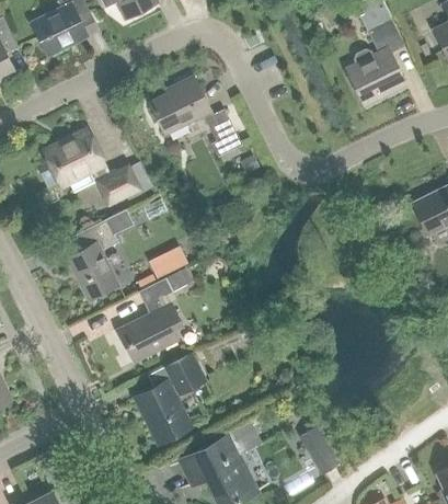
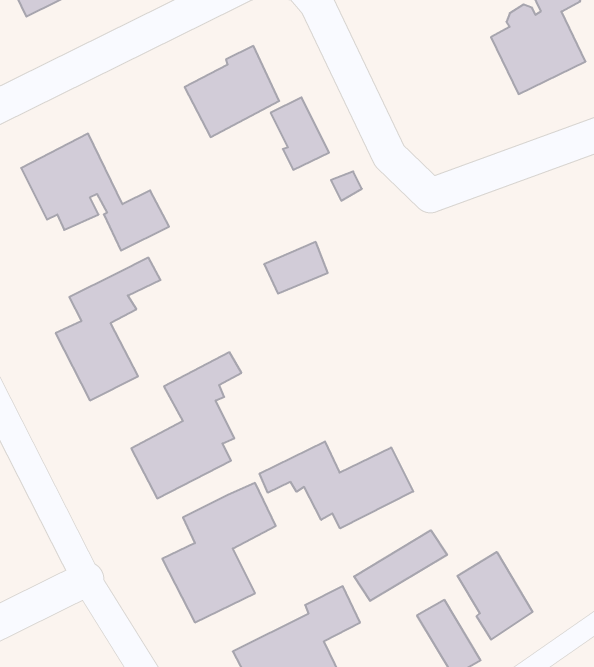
building: [147,243,187,276] -> [264,242,328,294]
building: none -> [260,441,413,528]
building: none -> [354,530,447,601]
building: none -> [457,552,533,640]

